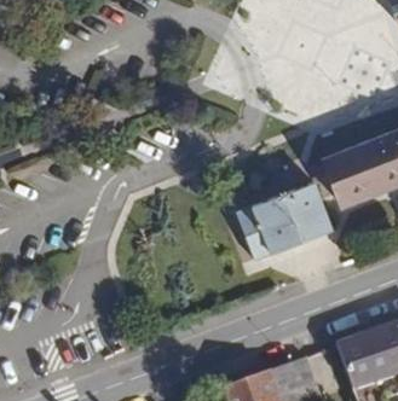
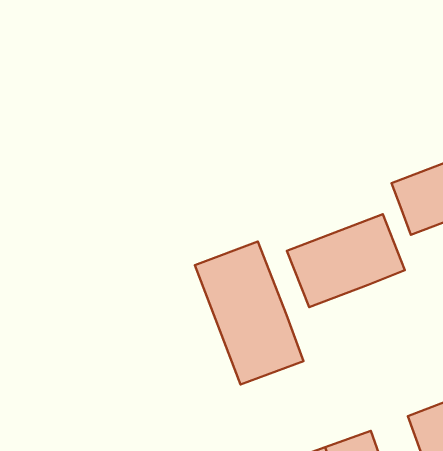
building: none -> [195,242,304,385]

